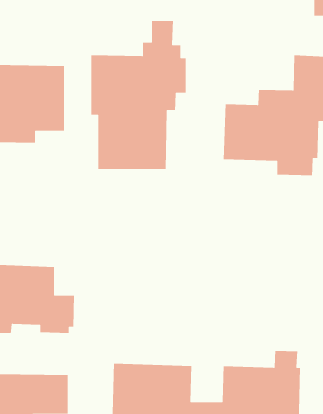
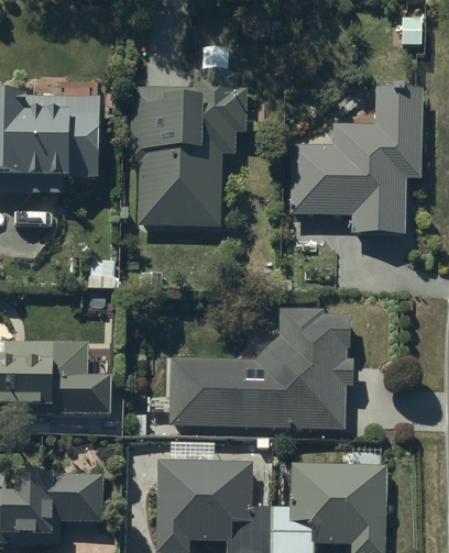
building: none -> [169,309,353,429]

